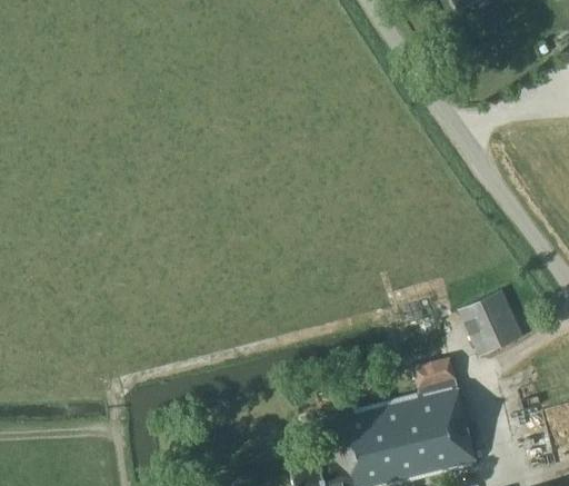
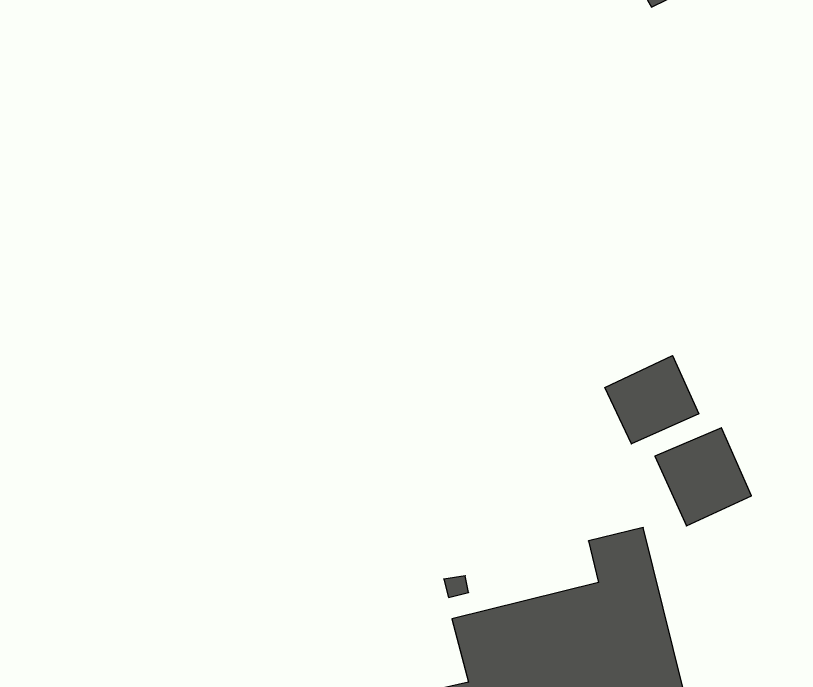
building: none -> [605,356,699,444]

